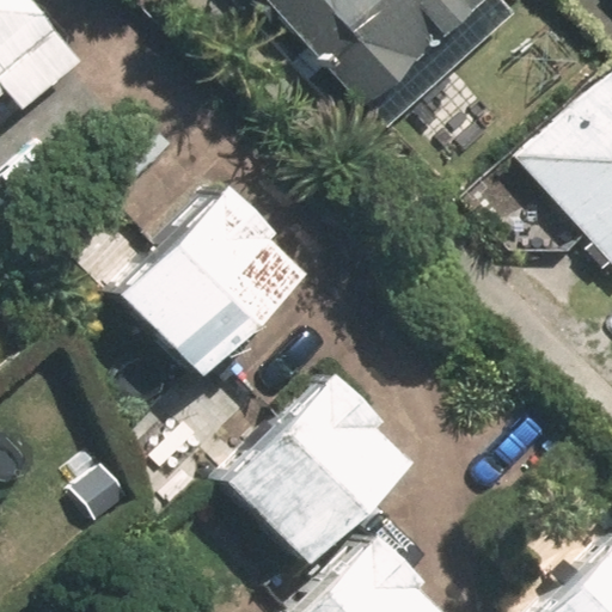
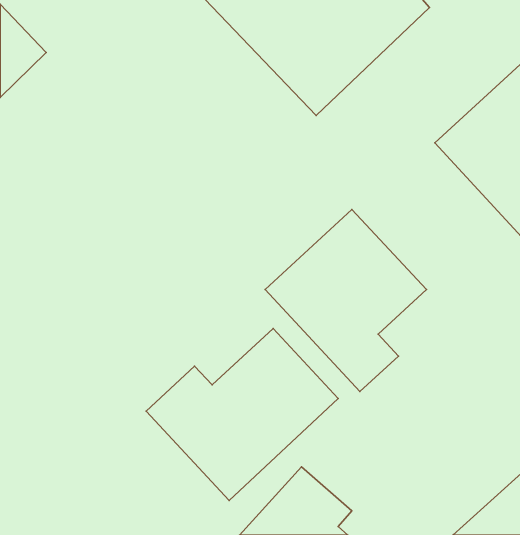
building: [98,184,296,384] -> none
building: none -> [265,209,427,391]

